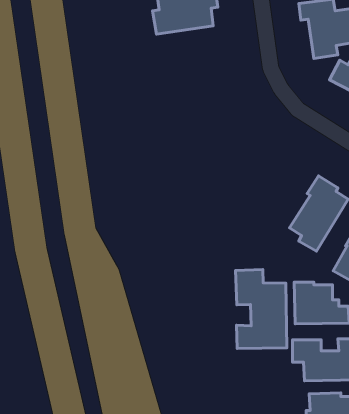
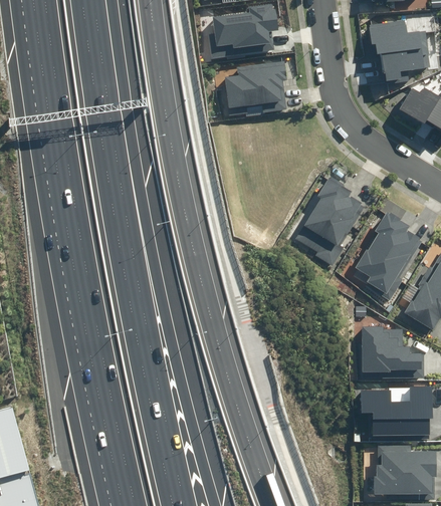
building: none -> [225,60,286,117]
building: none -> [295,177,364,265]
building: [236,269,287,348] -> none

